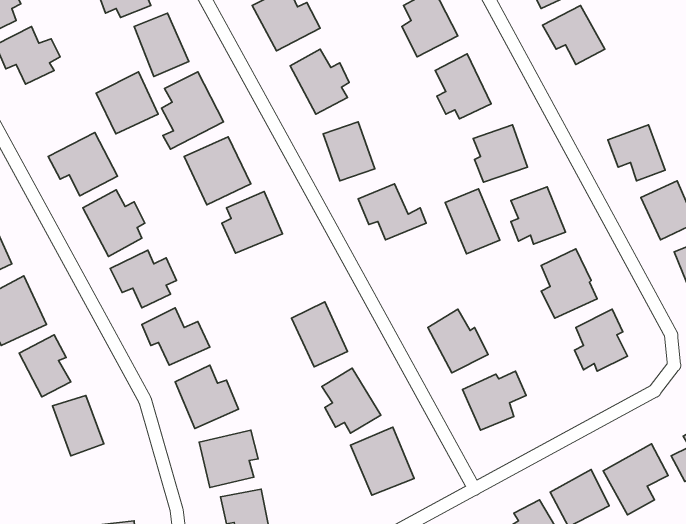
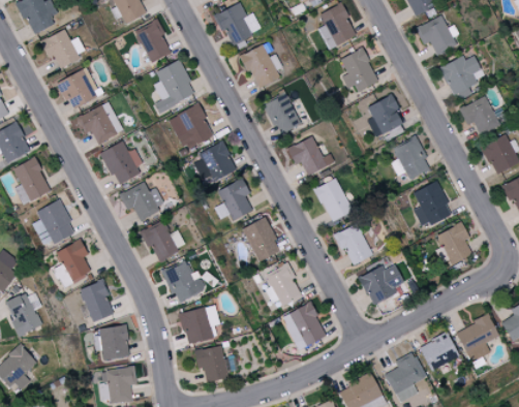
building: none -> [440,56,483,100]
building: [96,72,158,134] -> [58,67,100,109]
building: [445,189,500,254] -> [315,178,353,222]
building: none -> [215,179,253,220]
building: none -> [95,324,131,361]

